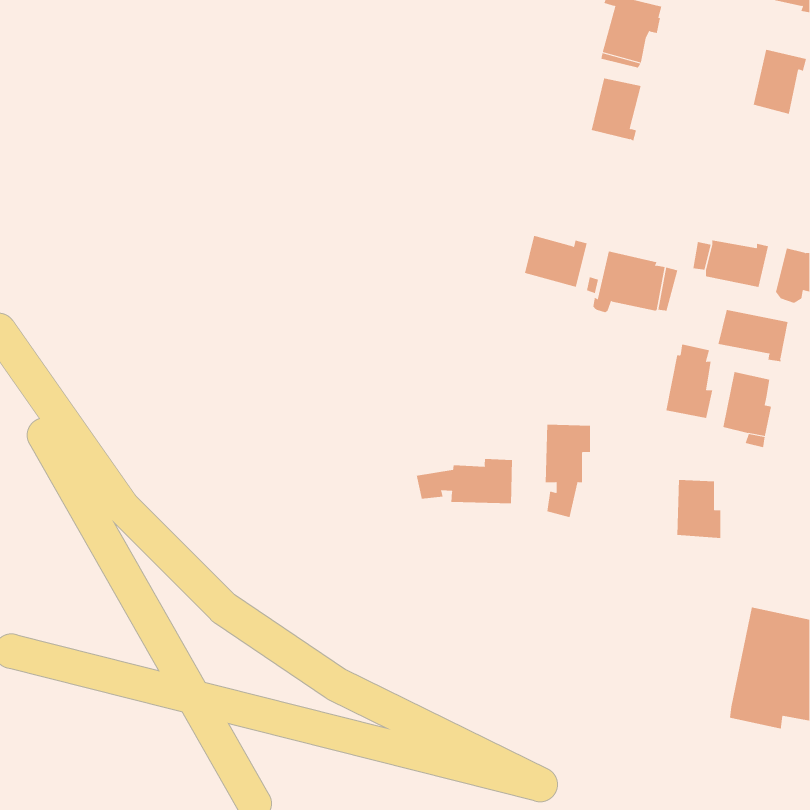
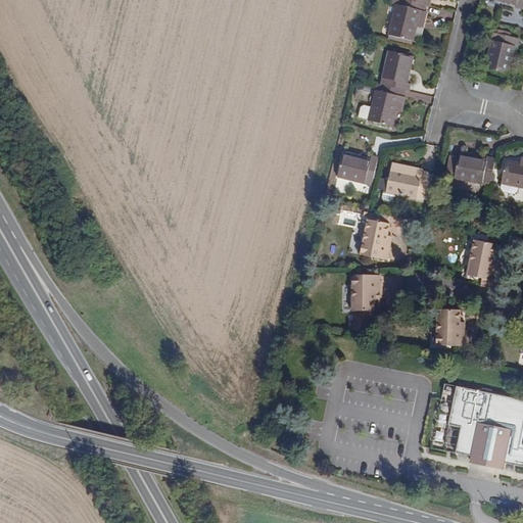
building: none -> [361,83,406,127]
building: [718,309,788,362] -> none
building: [665,344,713,418] -> [360,211,390,259]
building: [416,458,512,504] -> none
building: none -> [447,385,483,455]

